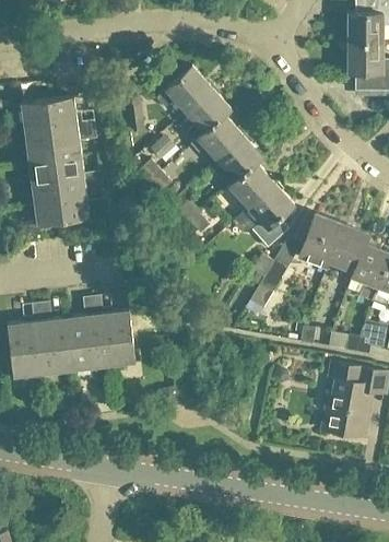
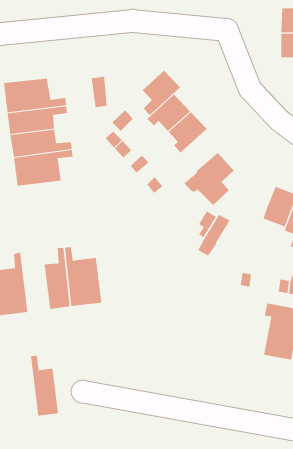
building: [156,66,211,110] -> none
building: [229,156,274,207] -> none
building: [298,214,342,267] -> none
building: [42,301,75,373] -> [30,355,59,416]

